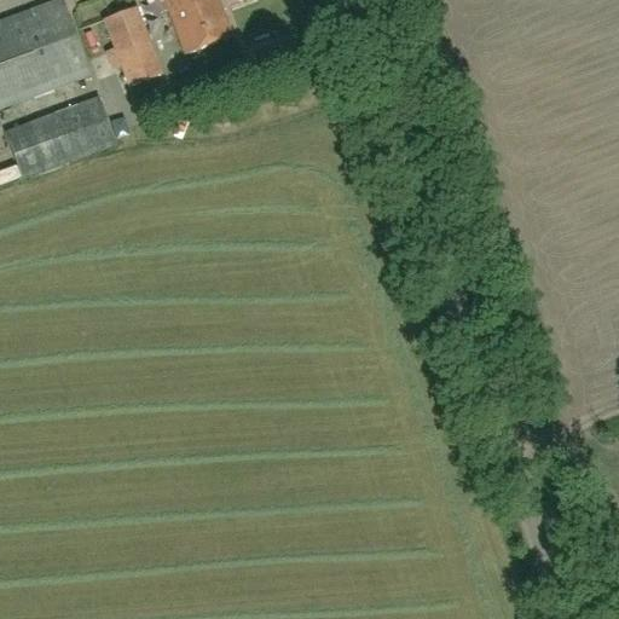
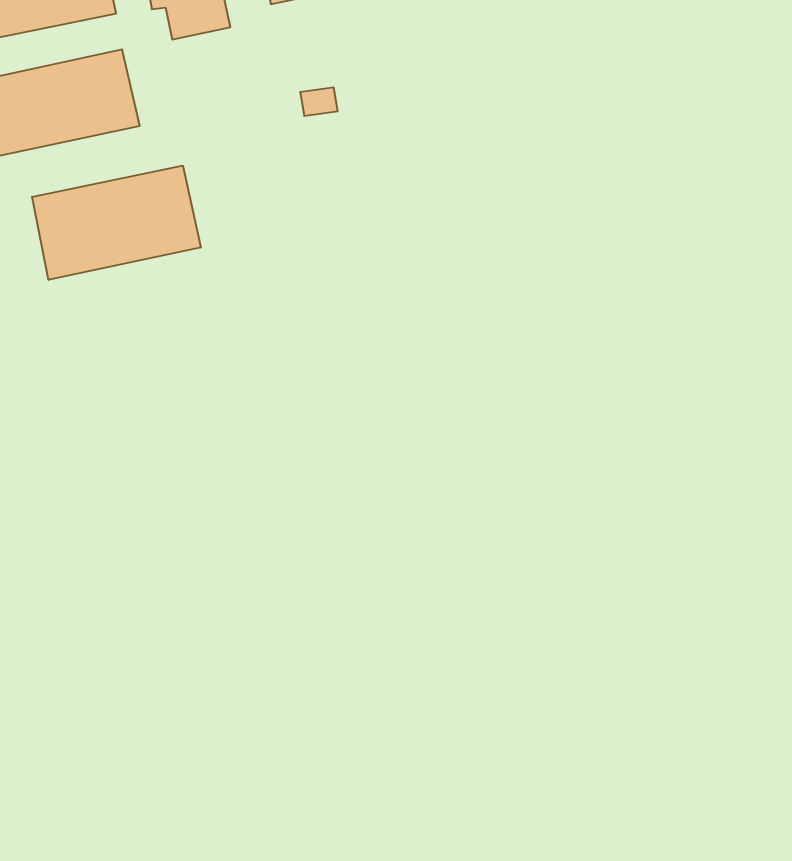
building: none -> [32,166,201,280]

